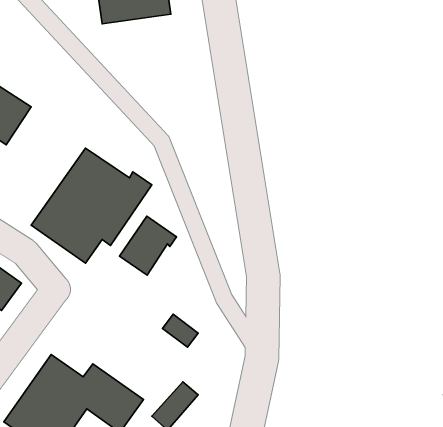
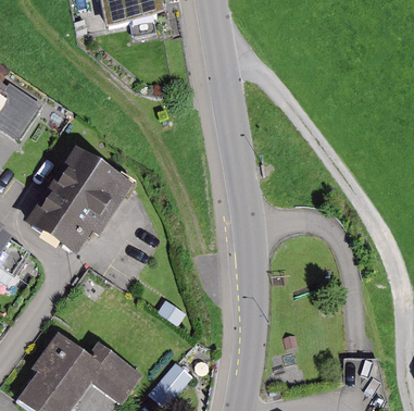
building: [119,216,177,275] -> none

